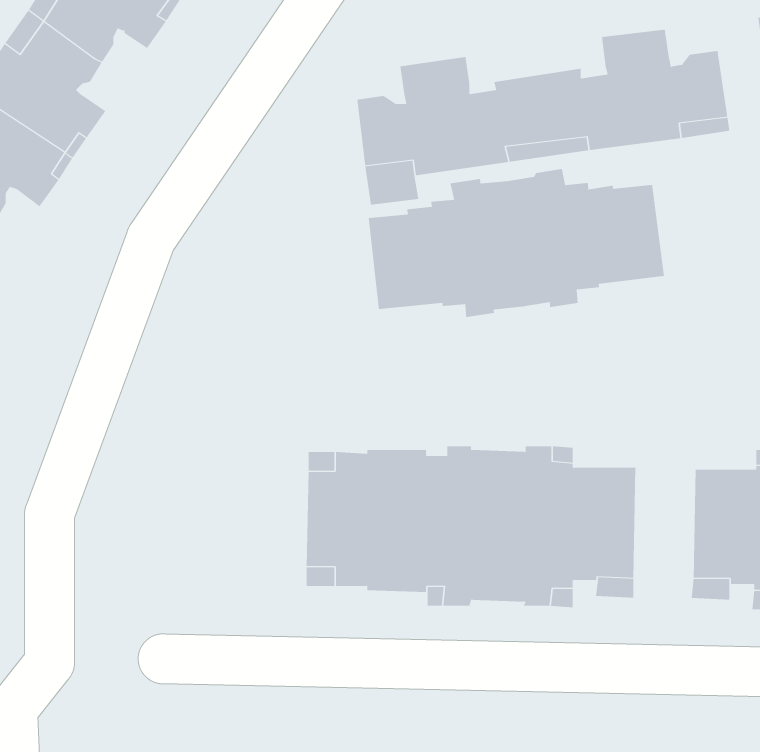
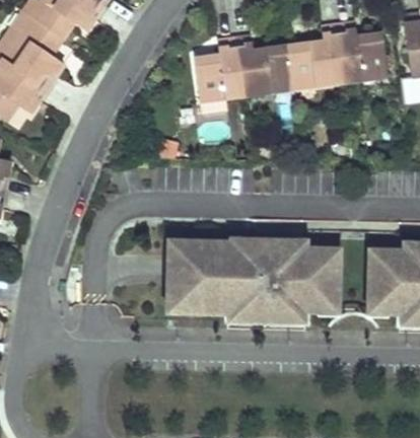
building: [368,168,665,318] -> none

